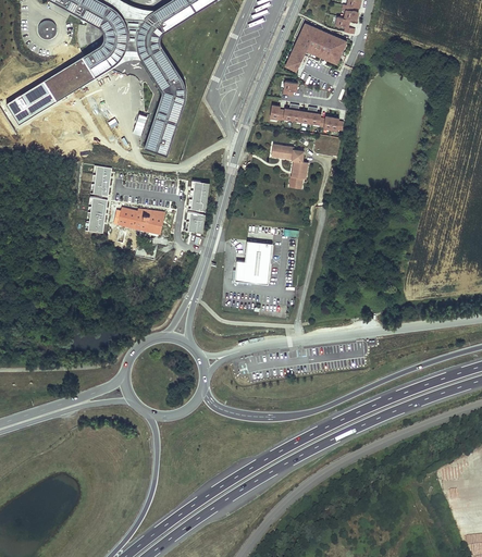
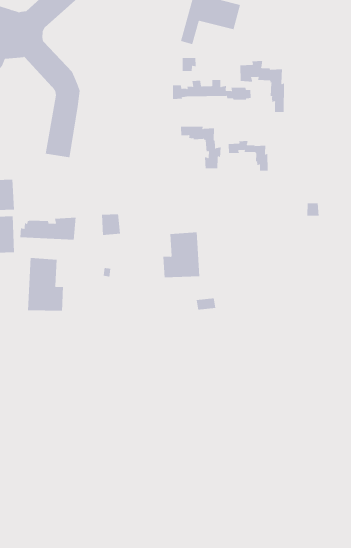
building: none -> [240,60,284,113]
building: none -> [228,140,268,172]
building: [188,182,208,211] -> none
building: none -> [28,257,64,312]

